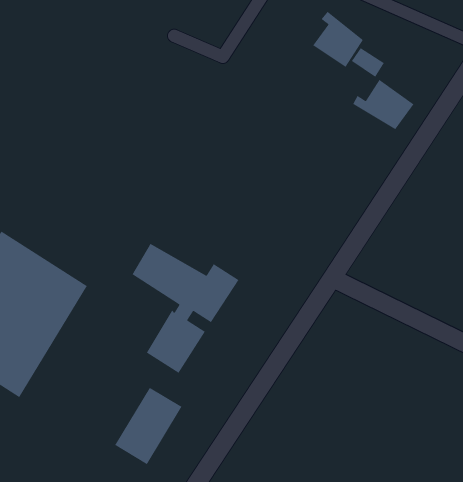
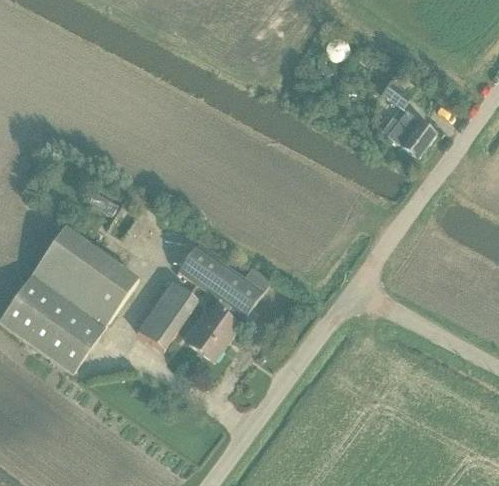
building: [312,11,364,68] -> none
building: [114,387,182,465] -> [137,280,199,349]

